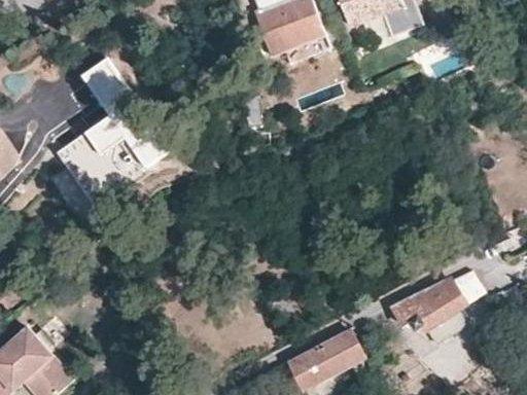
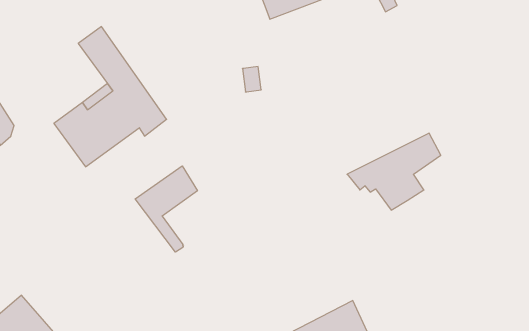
building: none -> [135,166,197,252]
building: [392,267,484,343] -> [347,133,441,210]

